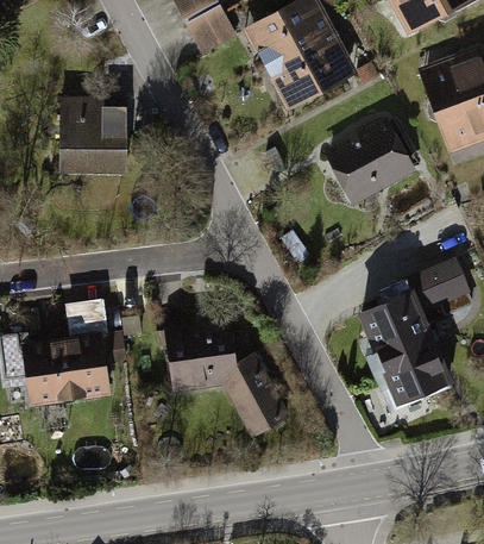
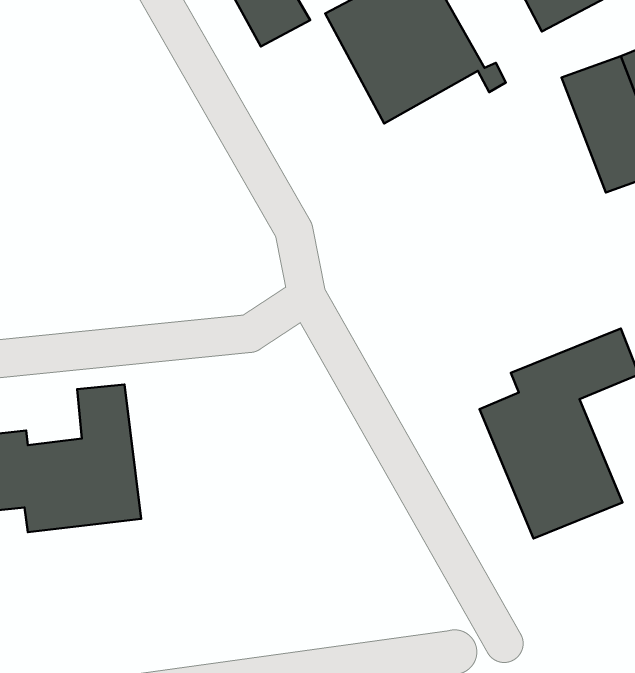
building: [57,93,127,180] -> none
building: [325,117,416,205] -> none
building: [159,319,295,443] -> none

